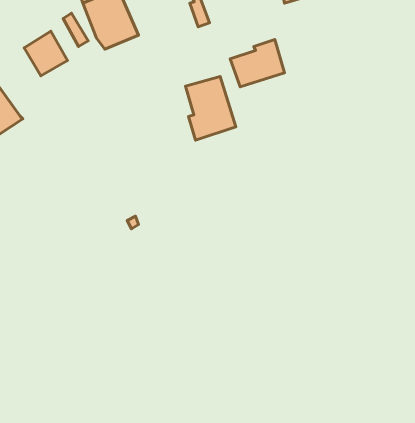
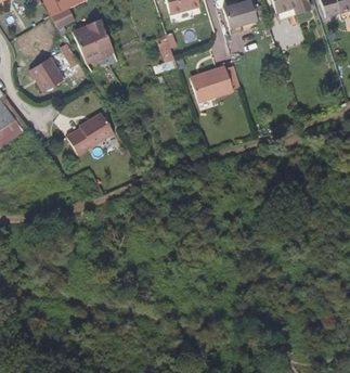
building: [185,77,236,140] -> none
building: none -> [65,113,112,154]

